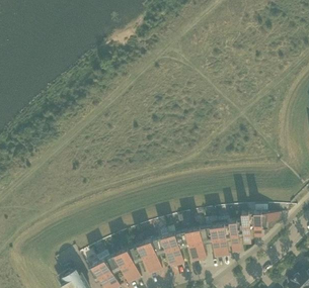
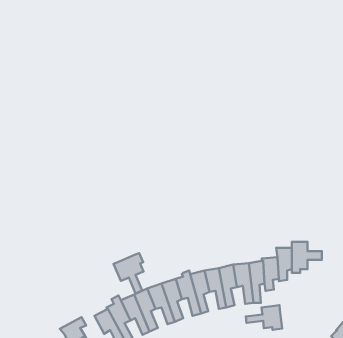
building: none -> [114,253,144,294]
building: none -> [246,305,282,330]

